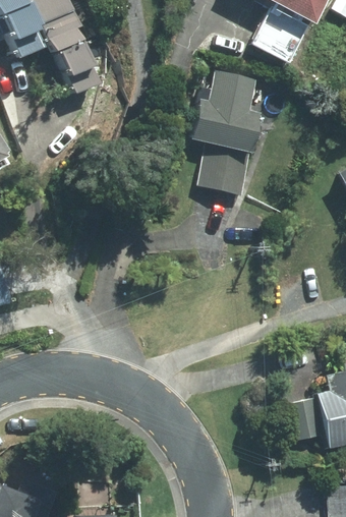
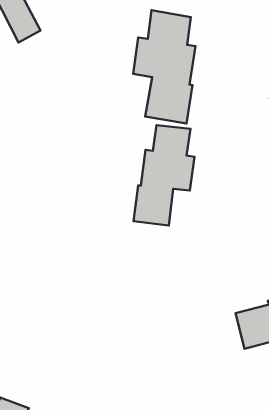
building: none -> [134,125,195,226]

